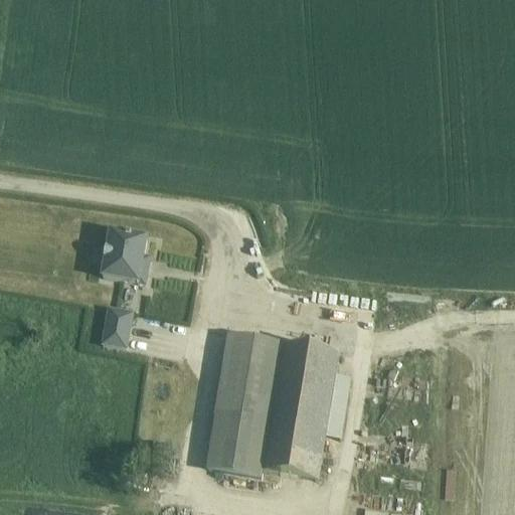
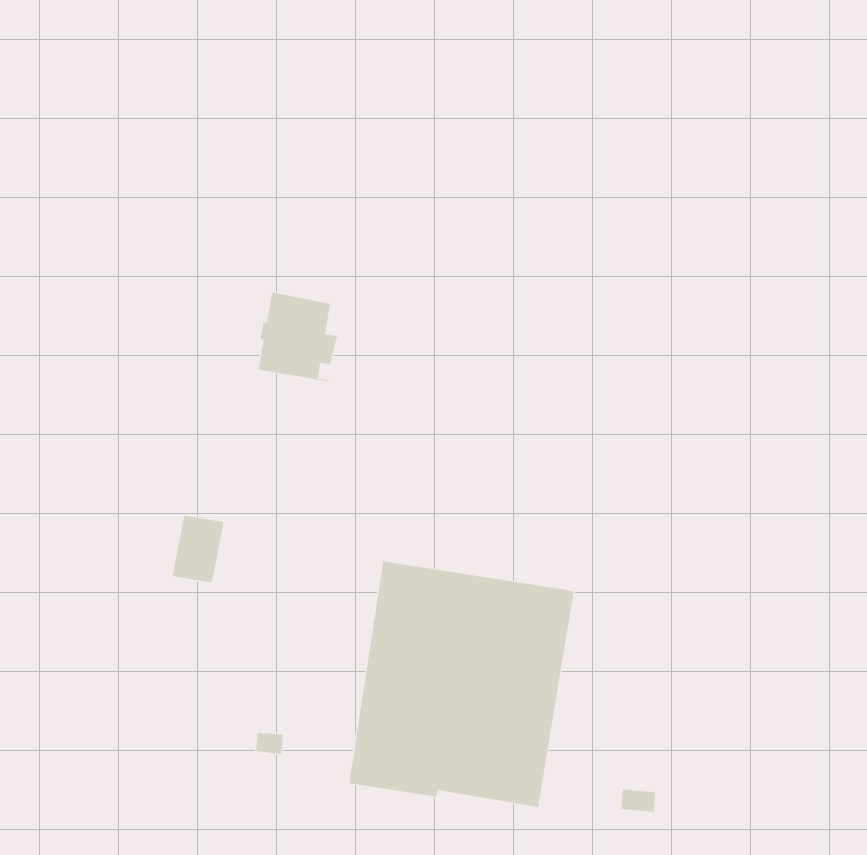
building: [103,227,150,281] -> [258,292,338,382]

